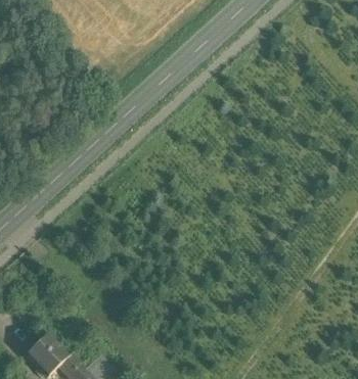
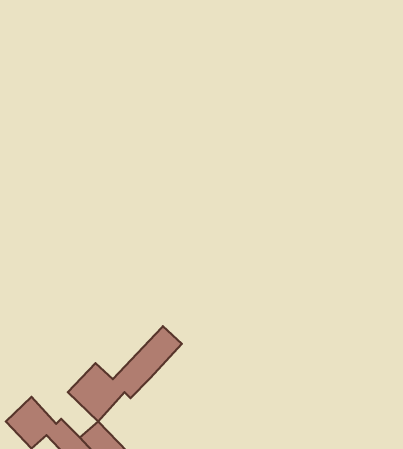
building: none -> [68,326,182,421]

